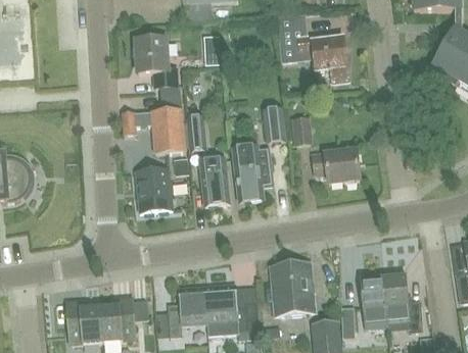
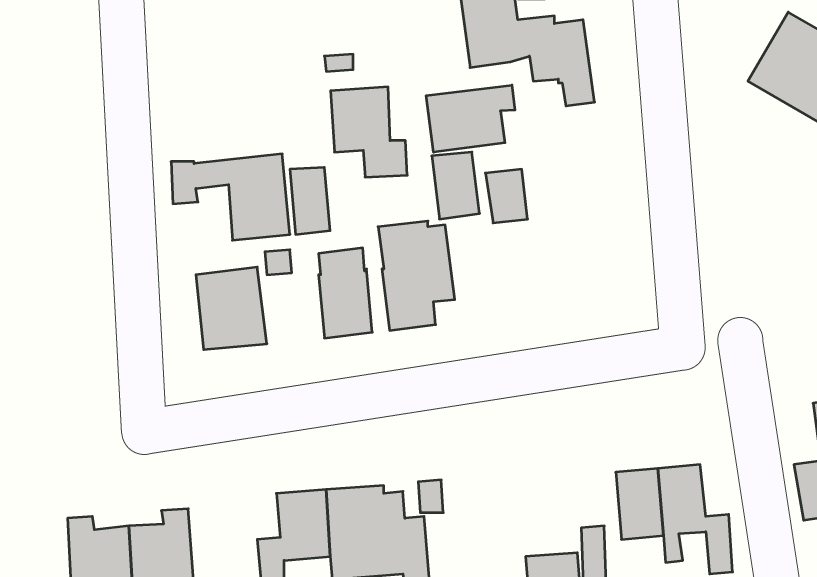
building: [136,38,177,86] -> [331,87,407,177]
building: none -> [426,85,515,152]
building: [313,148,360,182] -> none
building: [273,262,313,314] -> none

